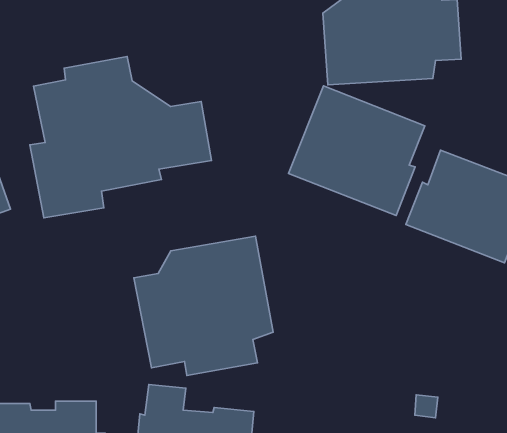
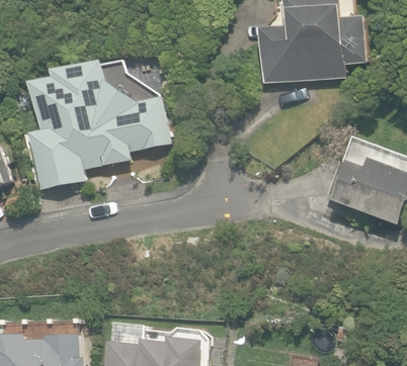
building: [289,86,425,216] -> none
building: [134,236,273,376] -> none

